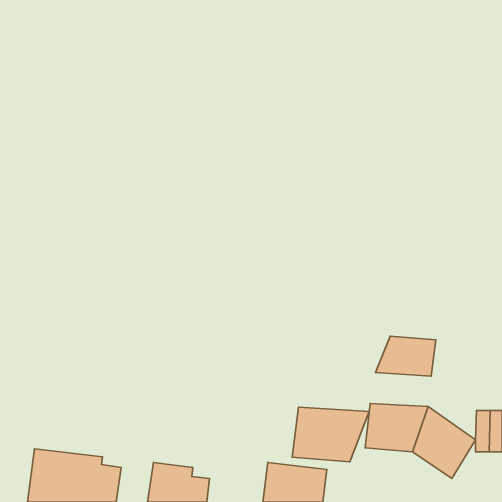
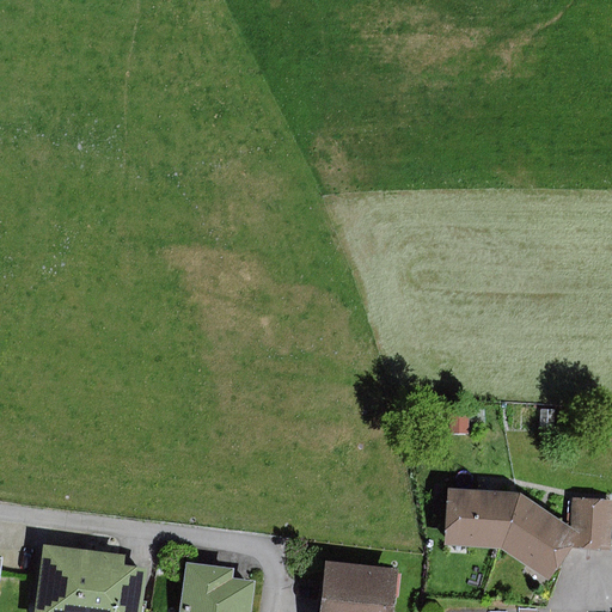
building: [375,336,436,376] -> none
building: [292,407,369,462] -> none

